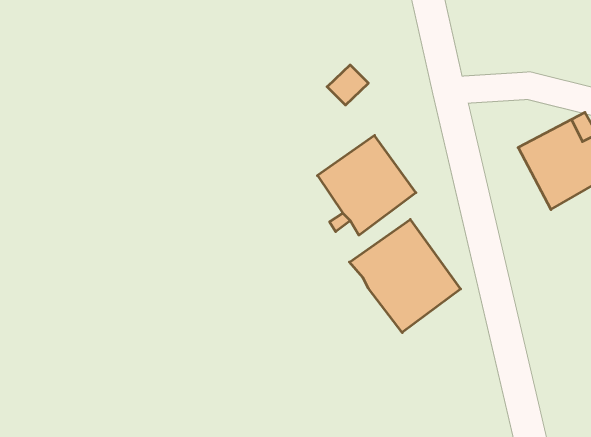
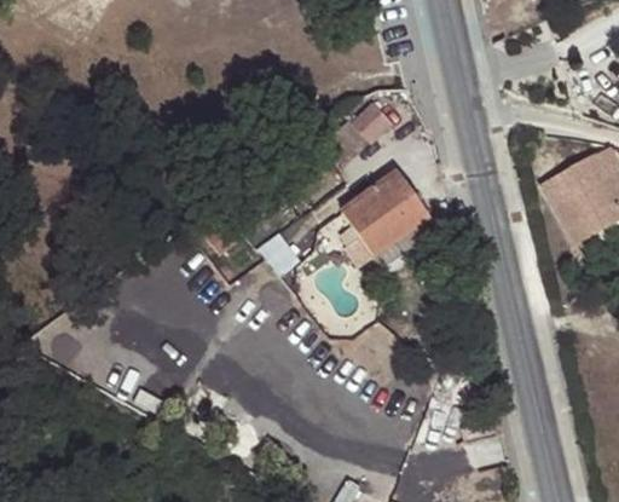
building: [349,219,461,333] -> none

